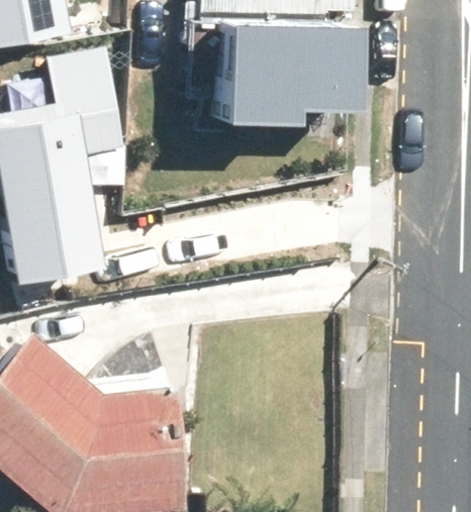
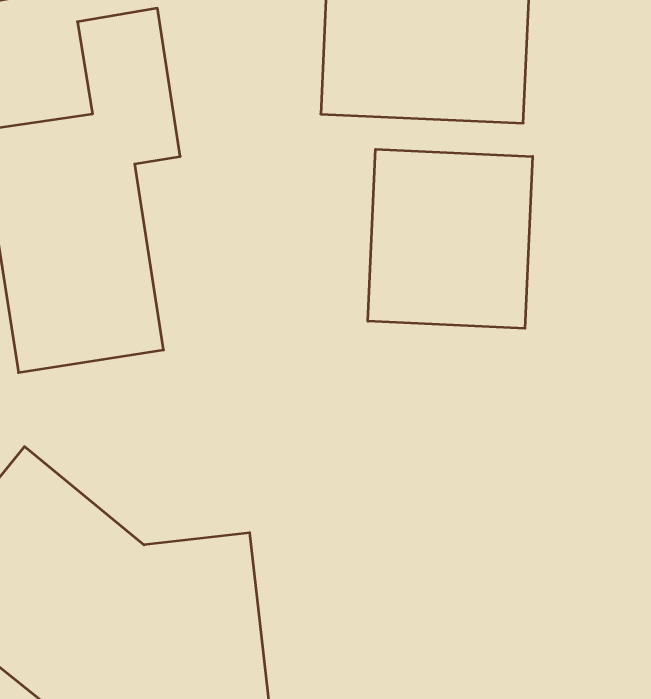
building: none -> [368,149,533,328]

